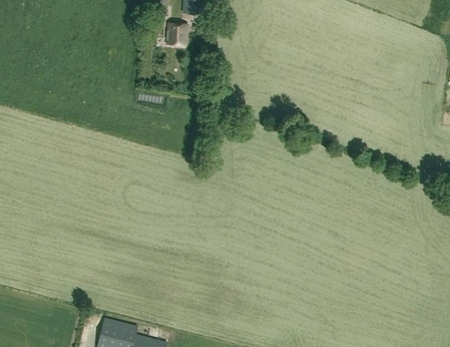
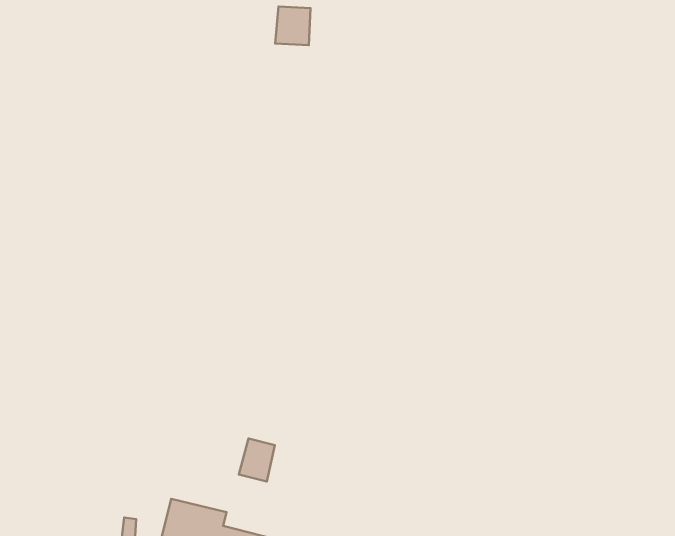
building: none -> [239,438,275,482]

